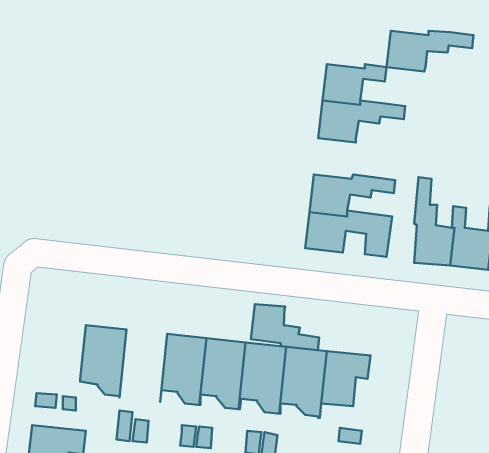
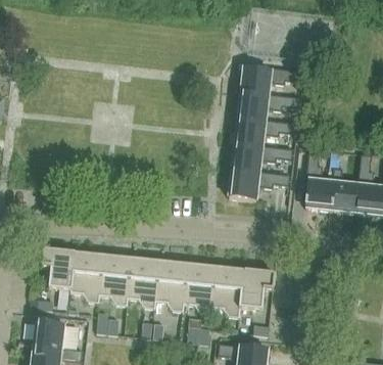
building: [386,31,474,71] -> [236,119,297,147]
building: [251,304,319,350] -> none
building: none -> [43,247,76,288]
building: none -> [99,254,133,305]

